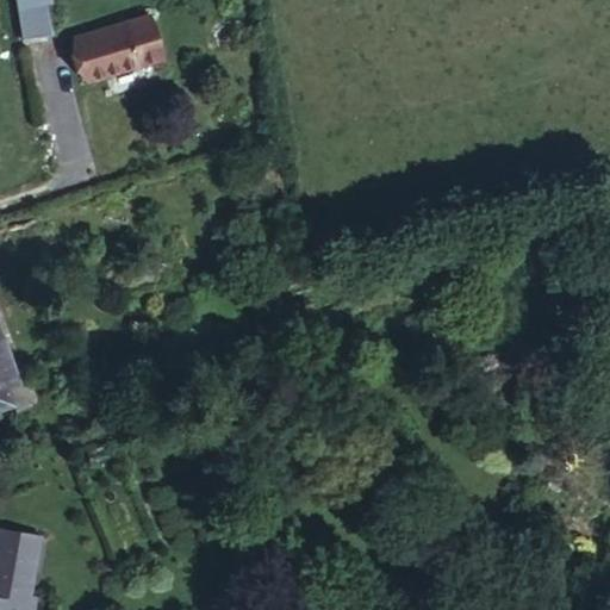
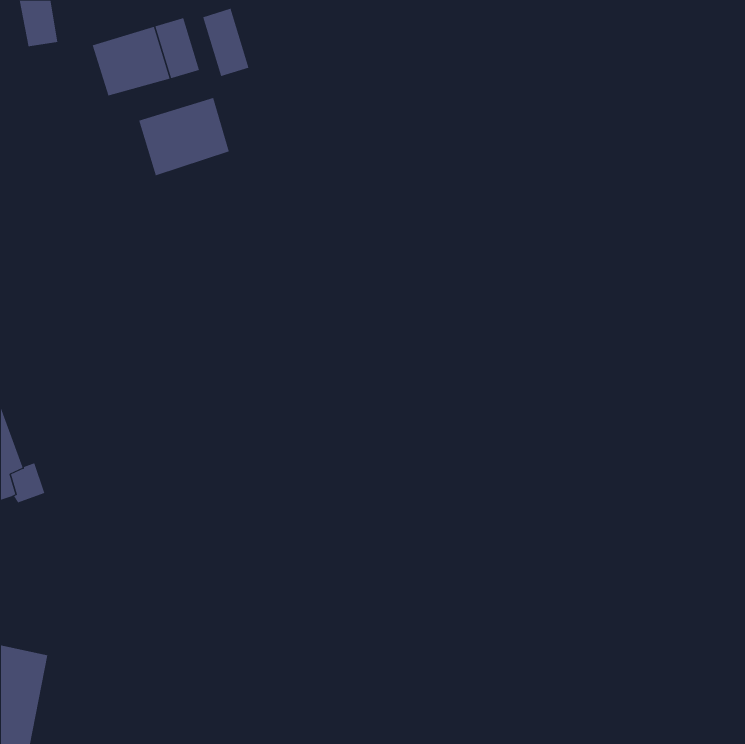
building: none -> [202,8,249,77]
building: none -> [138,97,230,176]

